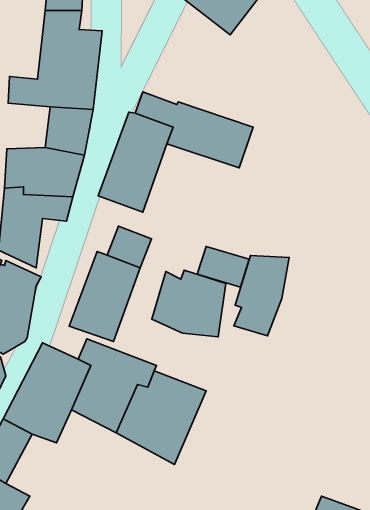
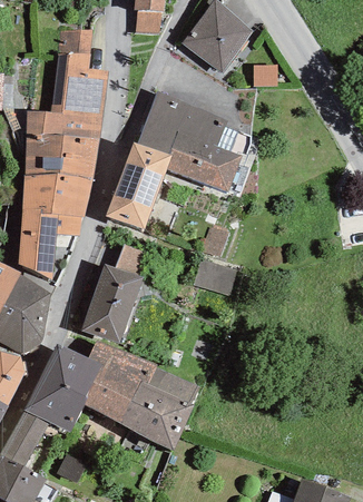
building: none -> [144,93,246,156]
building: none -> [24,135,62,175]
building: [234,255,289,336] -> none
building: [152,270,226,337] -> none

